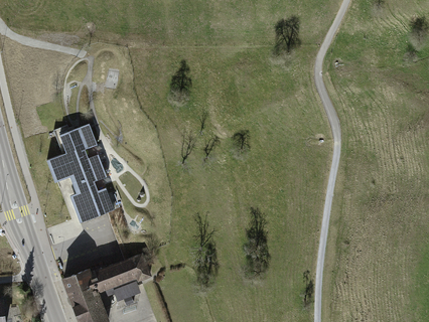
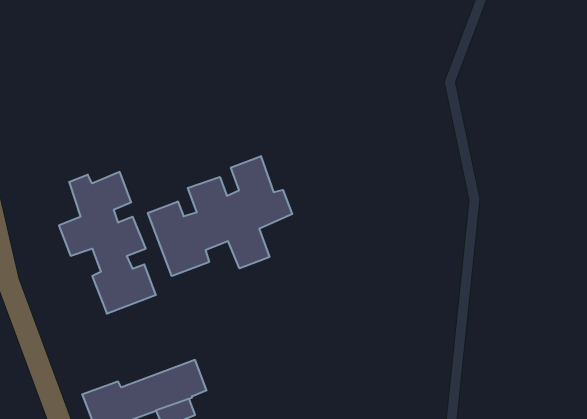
building: none -> [148,156,292,276]

